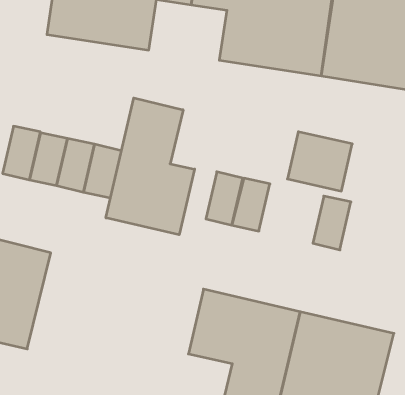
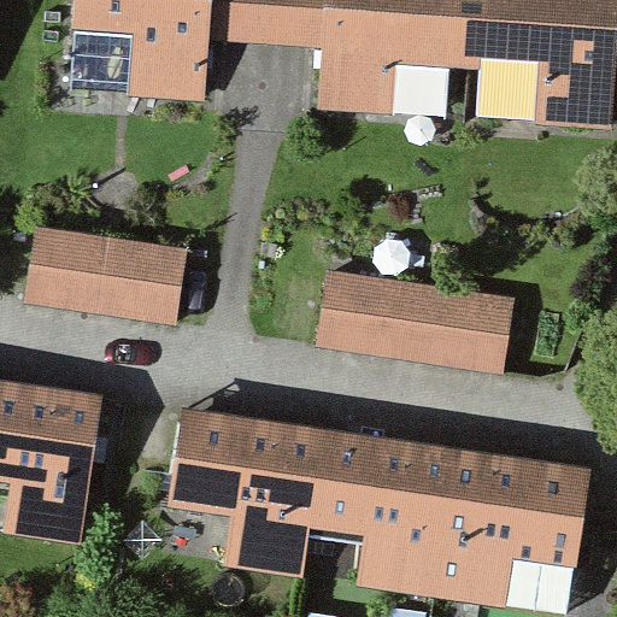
building: [106,98,195,235] -> none
building: [287,132,352,191] -> [390,278,477,357]
building: none -> [170,413,319,572]

